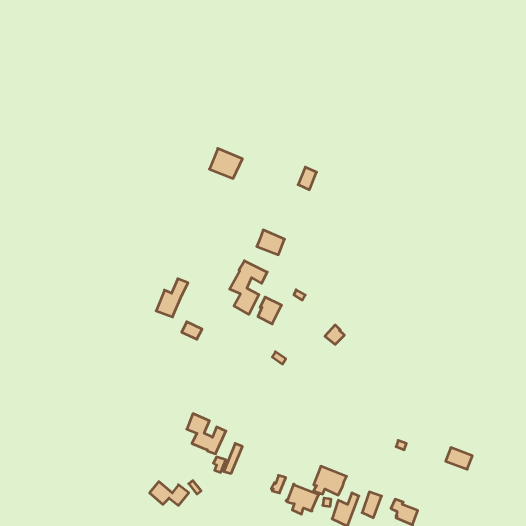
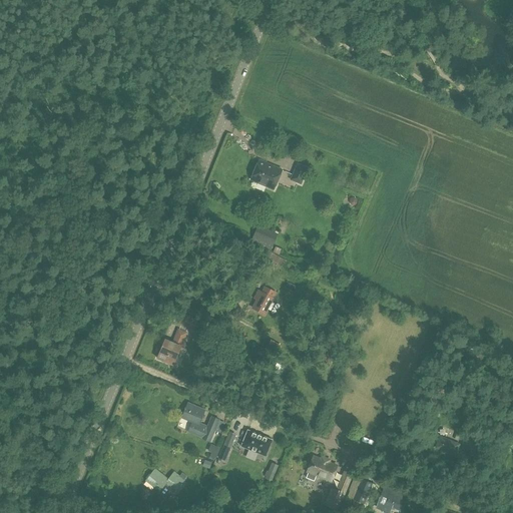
building: [209,148,242,178] -> [249,159,282,188]
building: [230,261,267,314] -> none
building: [156,279,188,317] -> [156,327,187,364]
building: [286,484,319,514] -> [239,428,272,457]

